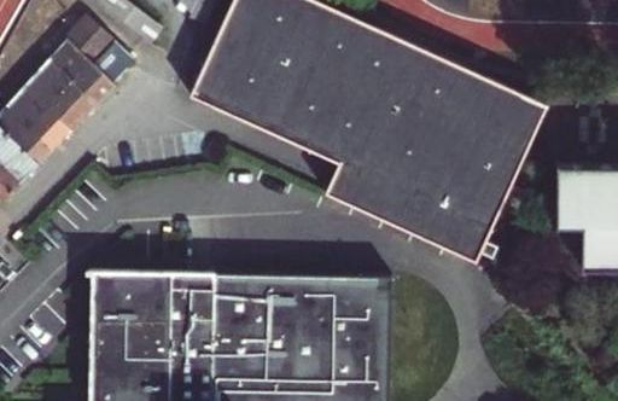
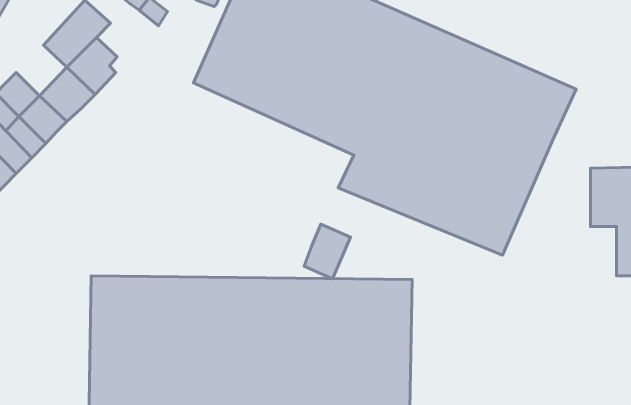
building: [22,60,69,107] -> none
building: none -> [304,224,351,279]

